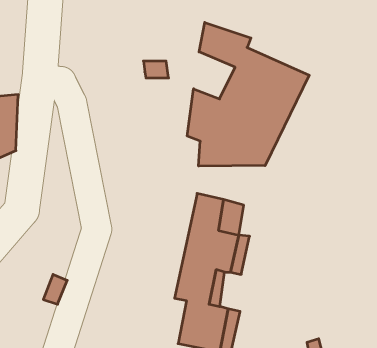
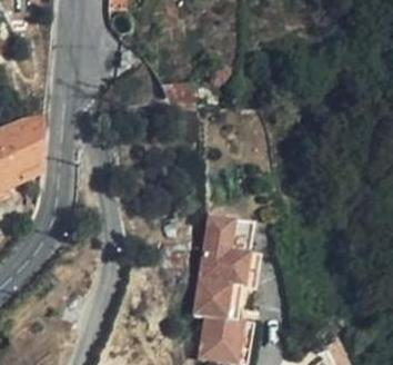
building: [187,22,309,166] -> none

